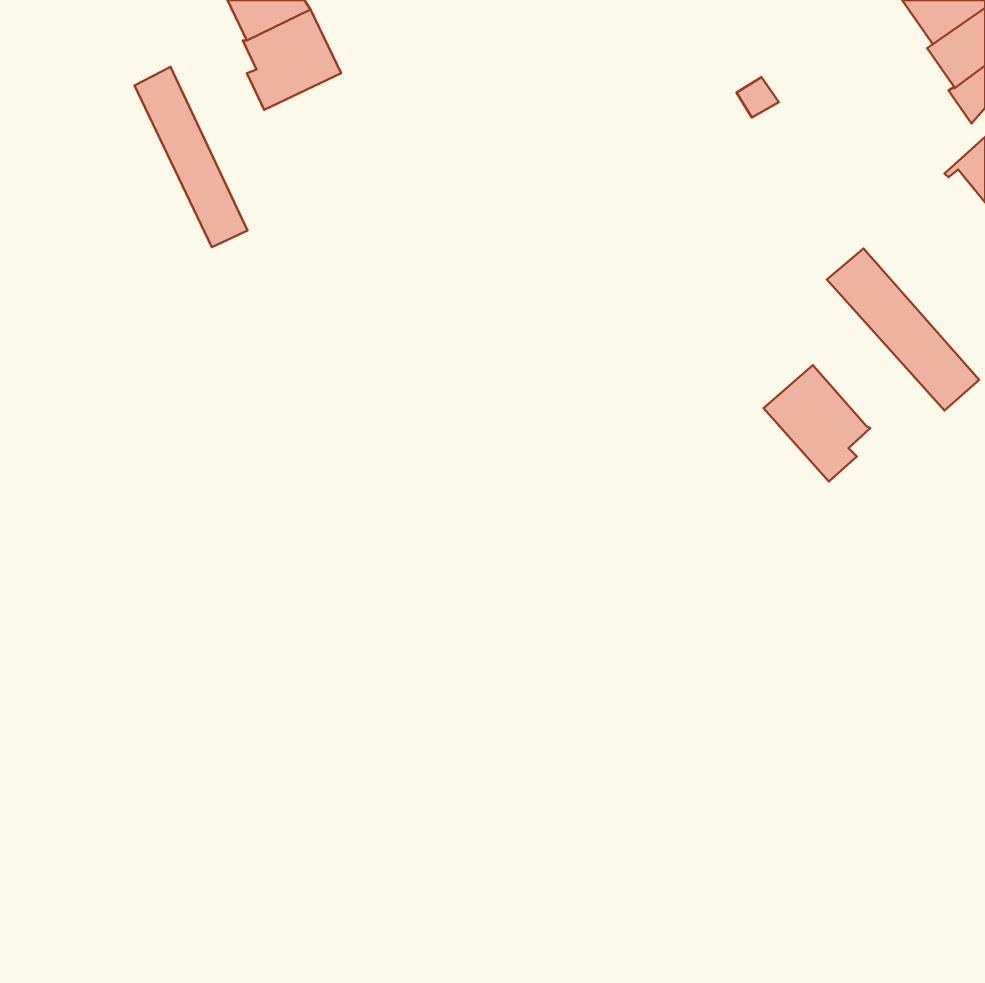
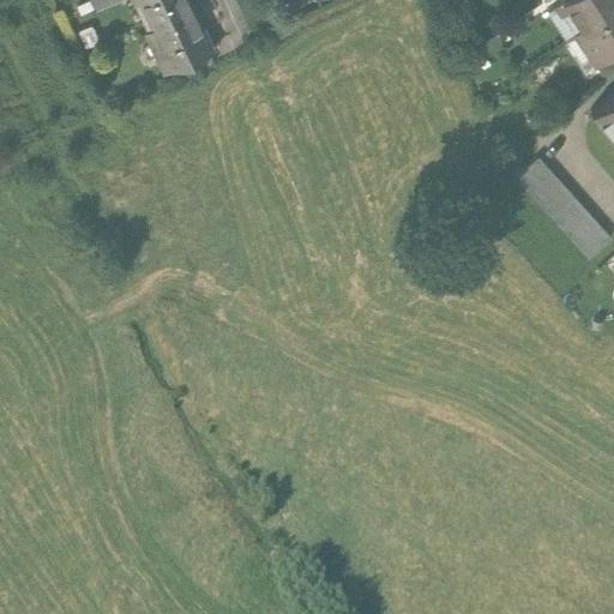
building: [134,67,247,247] -> none
building: [764,365,870,481] -> none

